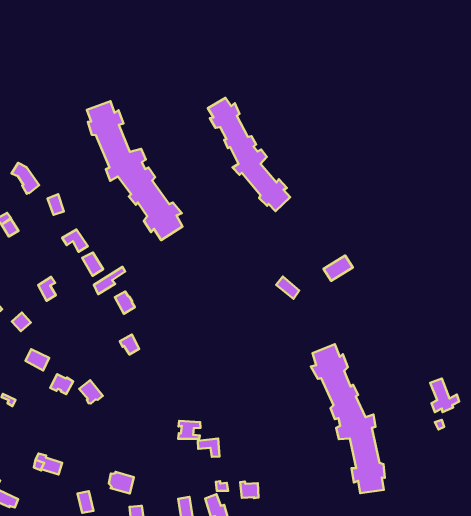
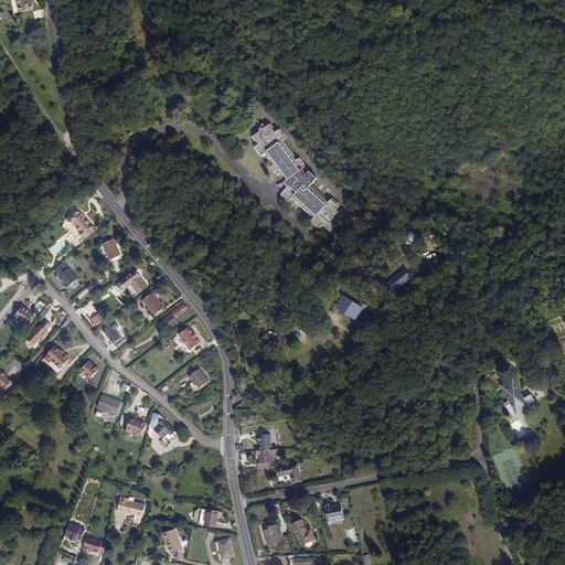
building: [87,101,182,240] -> none
building: [311,344,385,493] -> none

